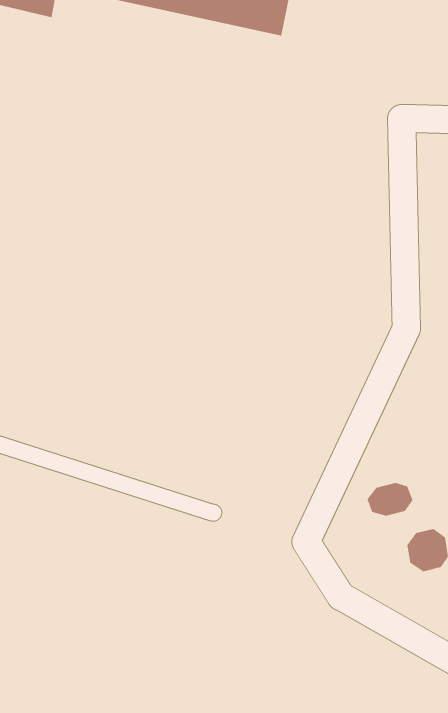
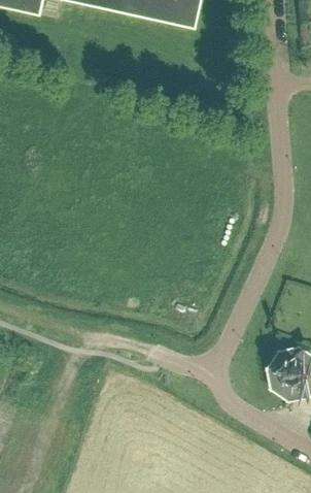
building: [367,482,414,517] -> none

